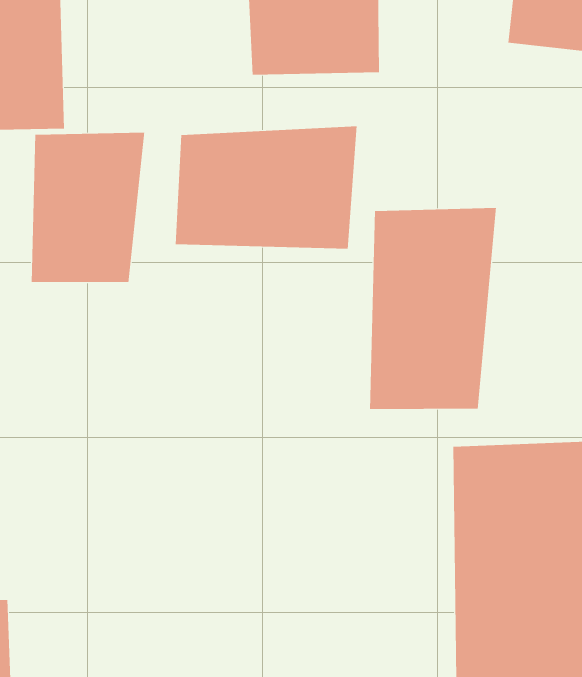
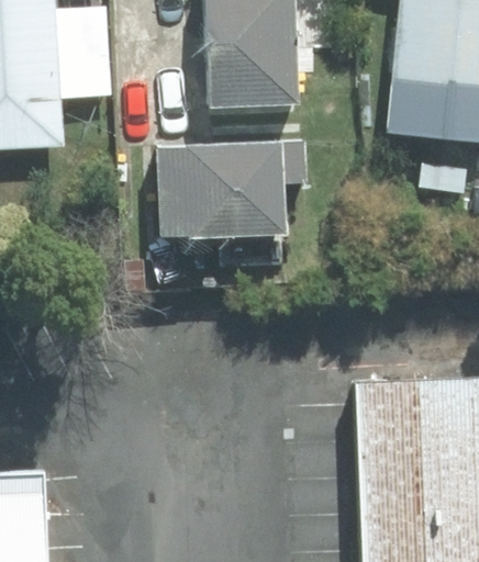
building: [31,132,145,283] -> none
building: [369,207,497,410] -> none

